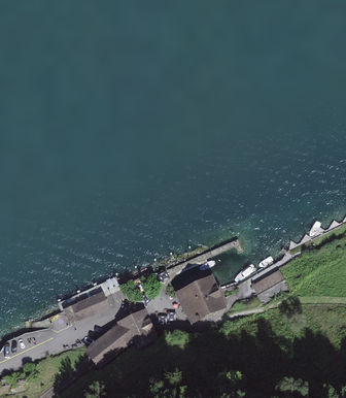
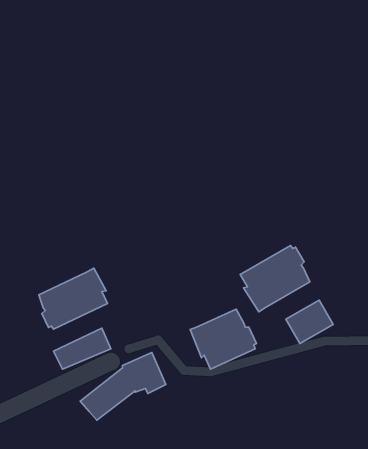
building: none -> [240,246,310,312]
building: none -> [39,268,108,329]

